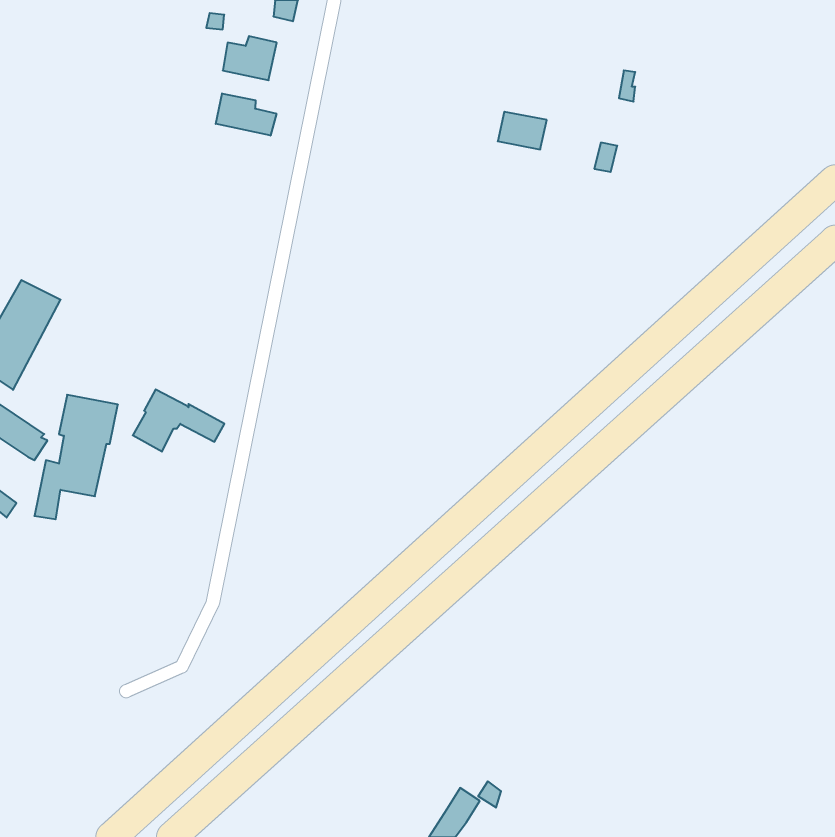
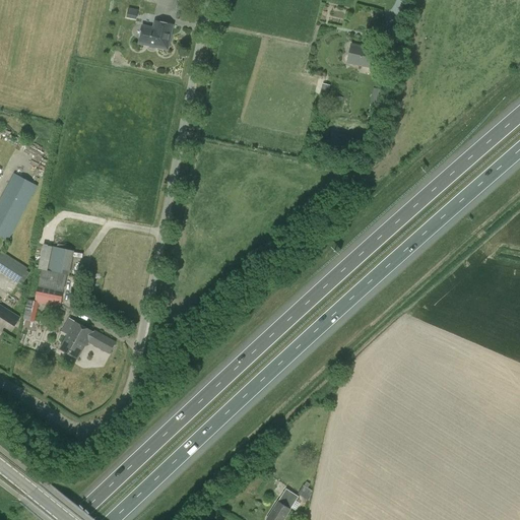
building: [216,93,276,136] -> none
building: [498,112,547,149] -> [346,45,377,68]
building: [133,389,224,452] -> [59,321,116,360]

